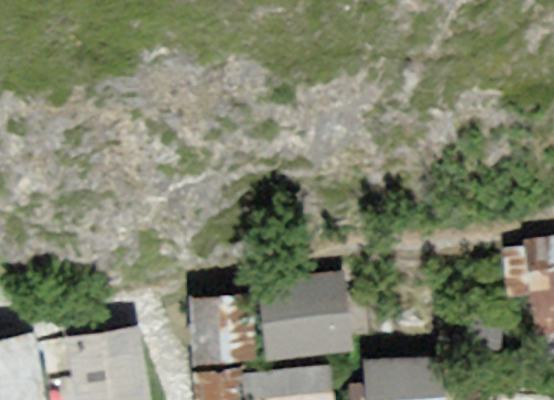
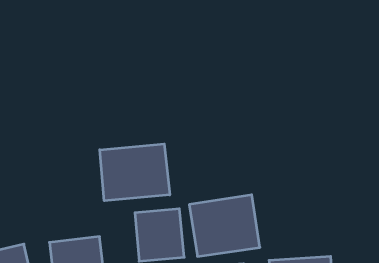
building: none -> [100,144,170,201]

